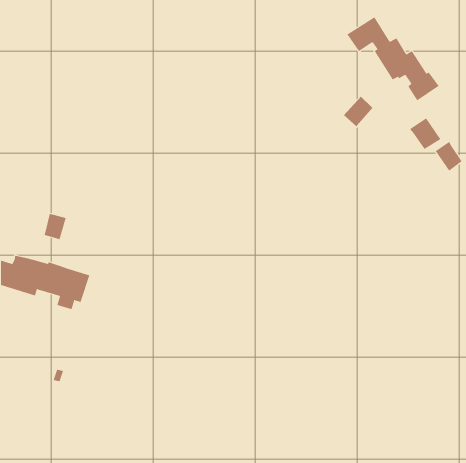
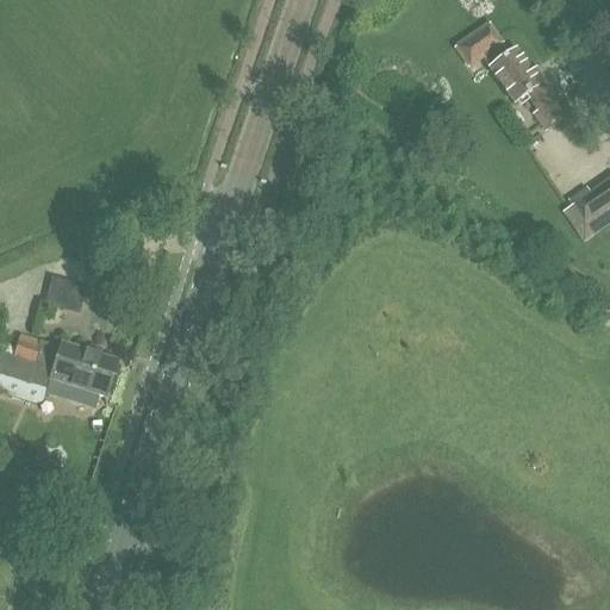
building: [343,96,373,127] -> none
building: [409,118,441,150] -> none

